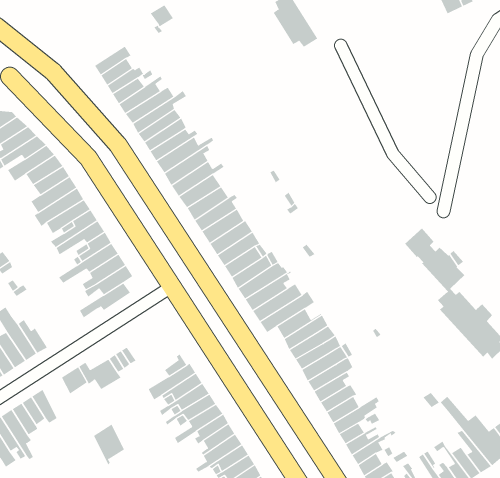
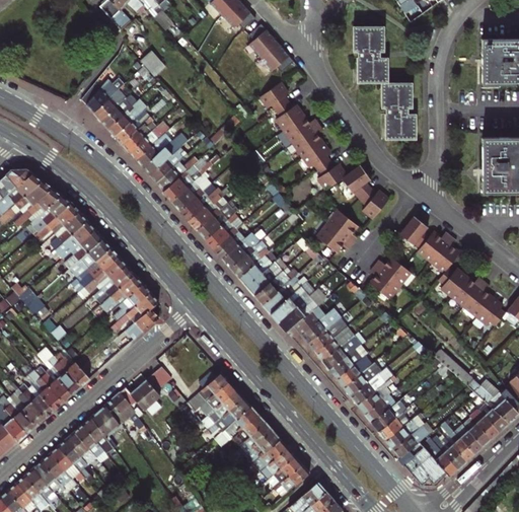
building: none -> [351,26,416,139]
building: none -> [83,84,120,116]
building: none -> [260,84,389,222]
building: none -> [317,214,359,257]
building: none -> [369,259,411,301]
building: [93,424,125,466] -> [91,403,122,441]

